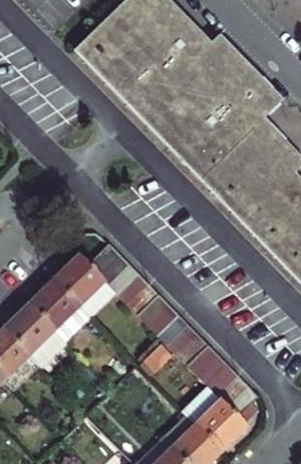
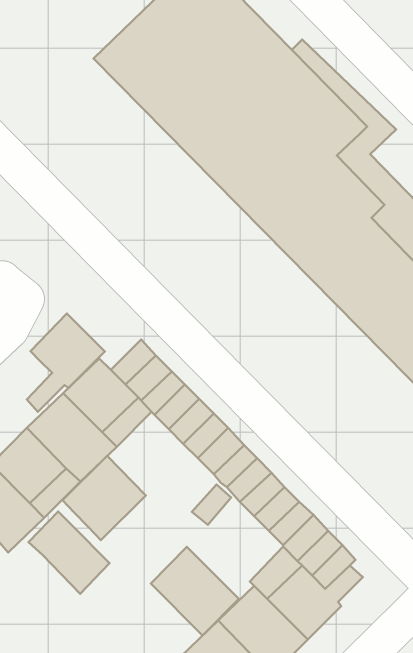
building: none -> [27,313,105,412]
building: none -> [63,456,146,540]
building: none -> [29,511,110,594]
building: none -> [151,547,239,635]

